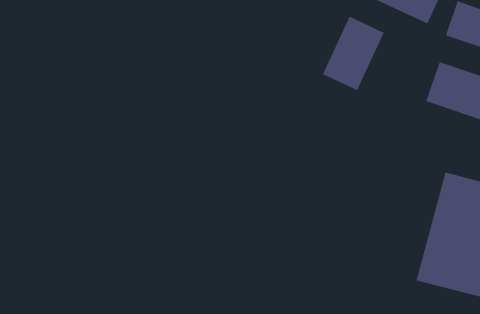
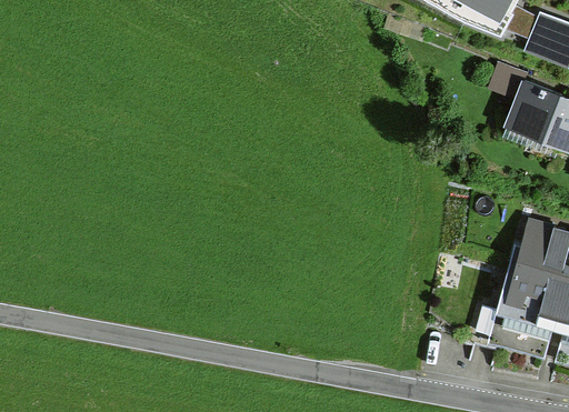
building: [322,16,385,91] -> none

